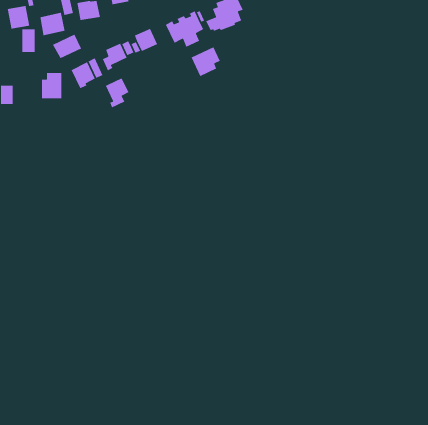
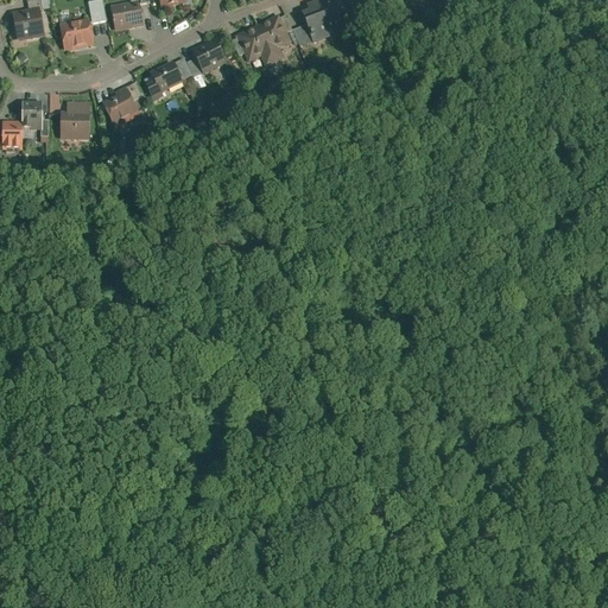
building: [21,28,36,53] -> [21,99,42,133]
building: [52,34,82,59] -> none
building: [190,46,221,77] -> none
building: [105,78,130,109] -> none

